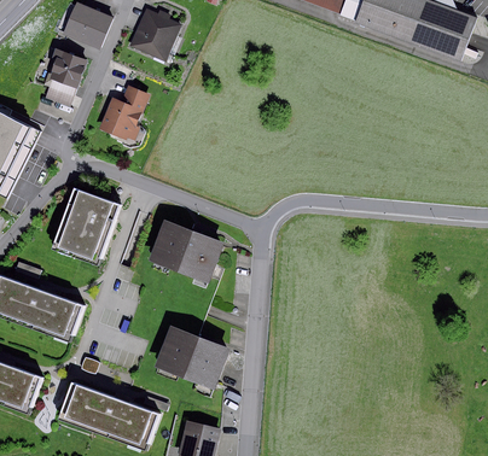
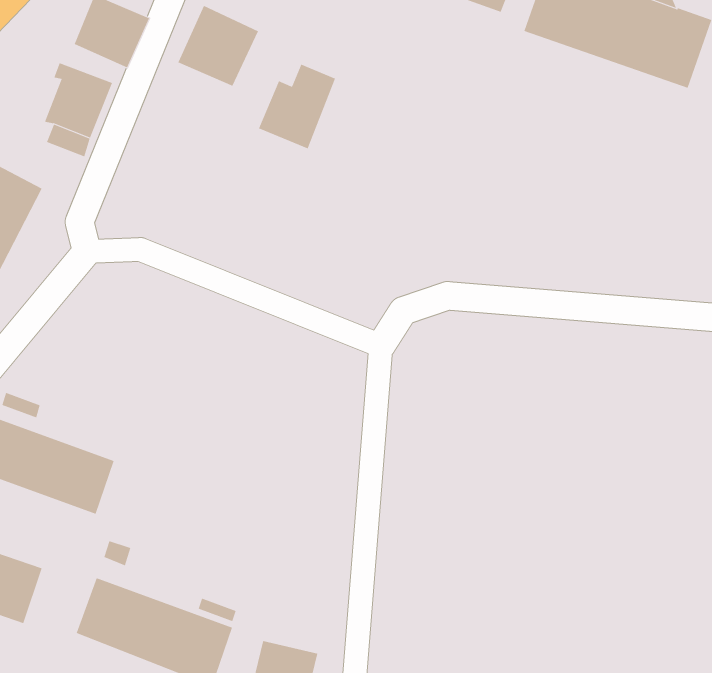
building: [98,86,149,141] -> [258,64,336,149]
building: [58,187,126,263] -> none
building: [147,222,221,285] -> none
building: [152,328,228,391] -> none

